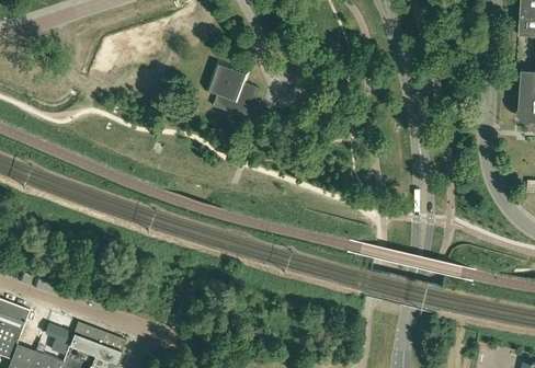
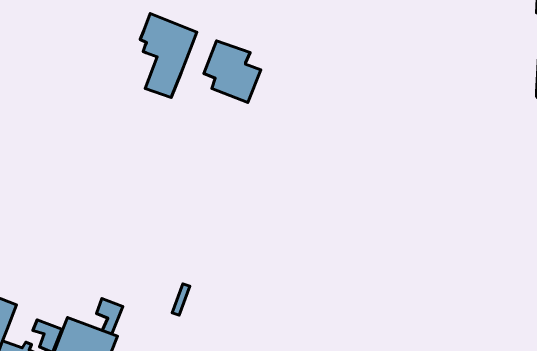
building: none -> [140,13,197,97]
building: none -> [97,298,123,334]

